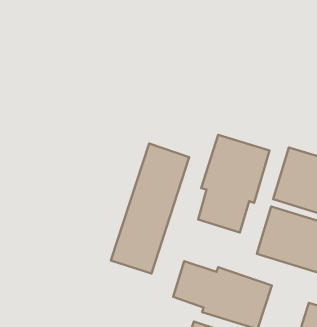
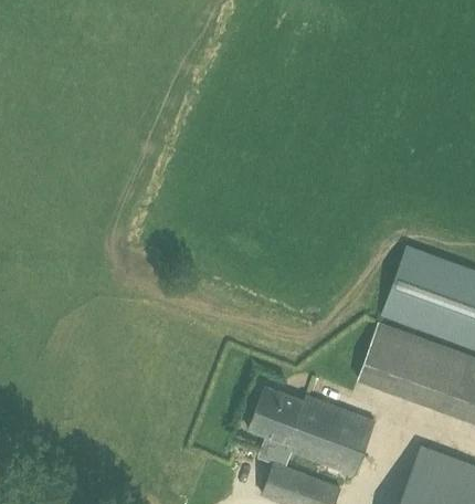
building: [198,135,269,232] -> none
building: [111,144,189,273] -> none

